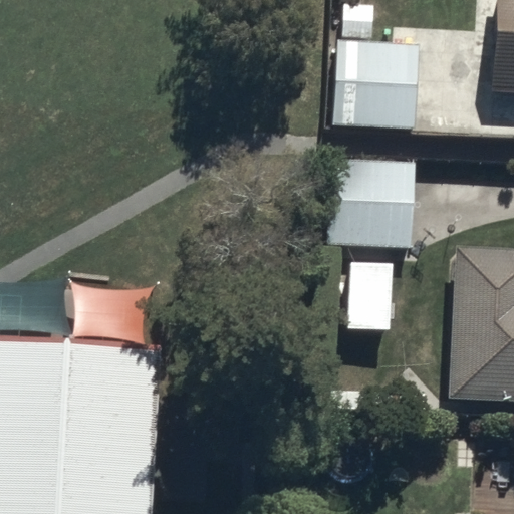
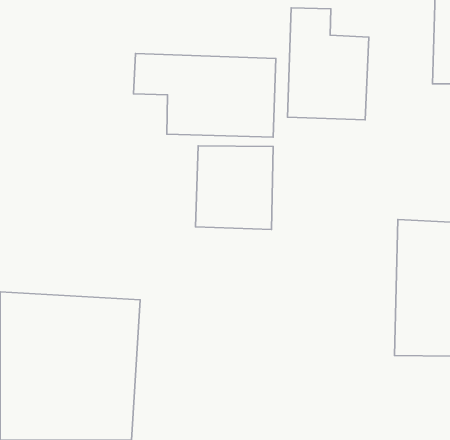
building: none -> [134,53,276,137]
building: [323,159,412,254] -> [196,146,273,229]

